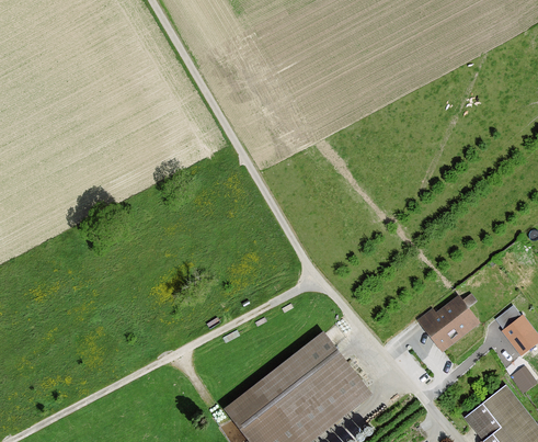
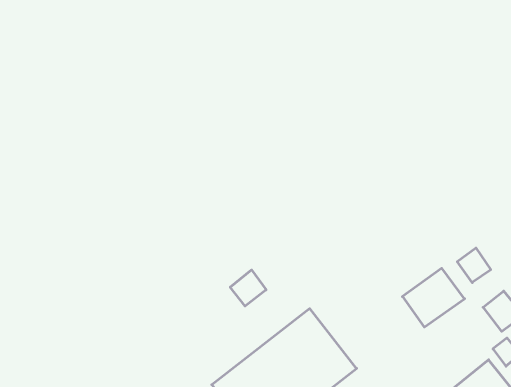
building: none -> [457,248,491,283]
building: none -> [230,270,266,306]

